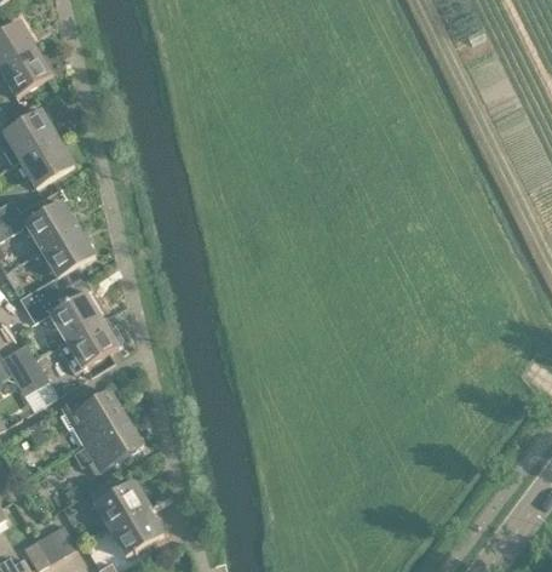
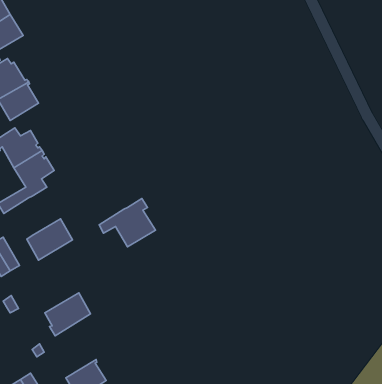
building: [27,275,102,339] -> [99,198,156,247]
building: [59,389,126,445] -> none
building: [87,476,150,528] -> none

